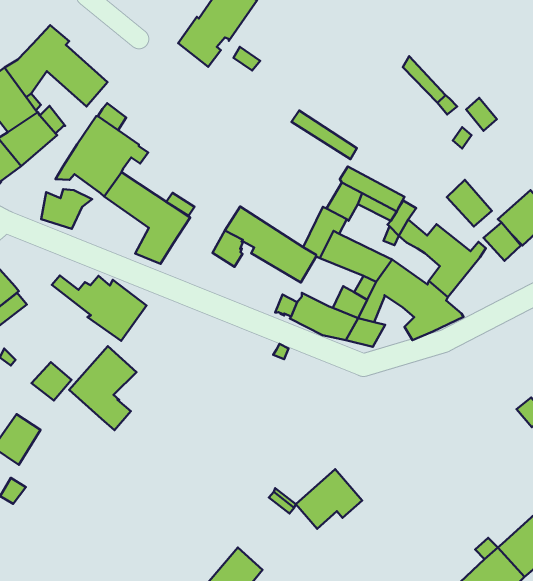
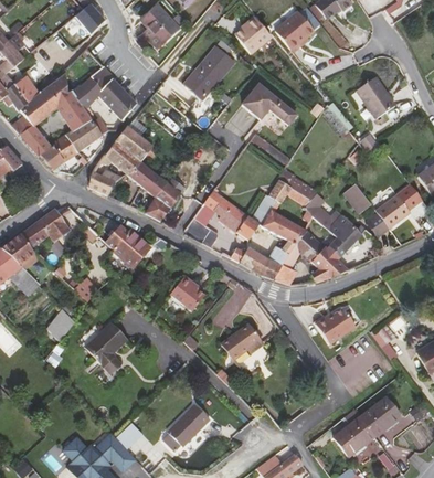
building: none -> [356,76,395,118]
building: none -> [242,83,296,124]
building: none -> [182,216,219,246]
building: none -> [169,275,204,310]
building: [69,346,136,430] -> [84,321,127,374]
building: none -> [315,307,354,344]
building: [296,469,362,529] -> [221,322,263,359]

